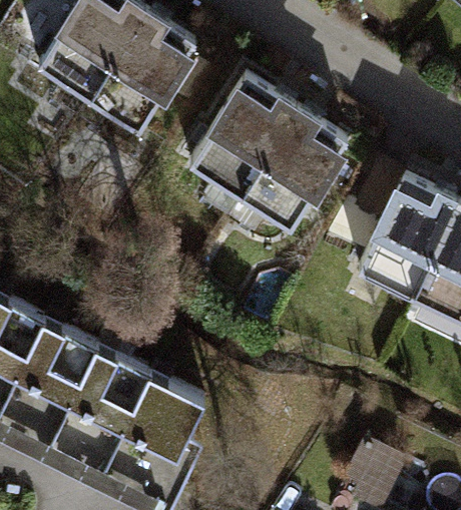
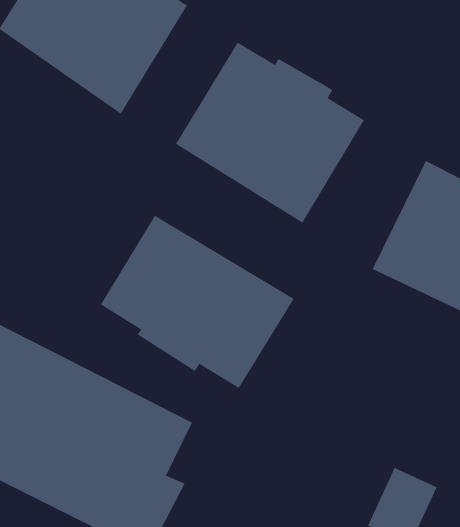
building: none -> [100,215,295,389]

